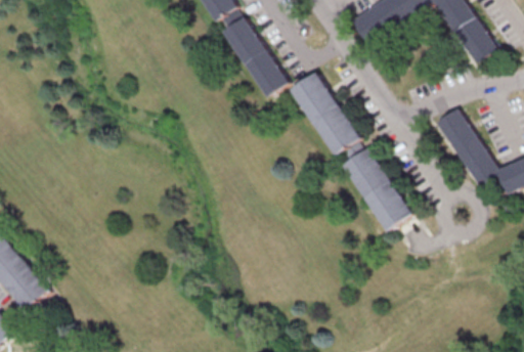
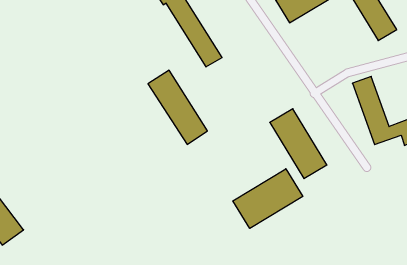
building: [292,72,363,161] -> [148,70,207,144]
building: none -> [233,169,303,228]

